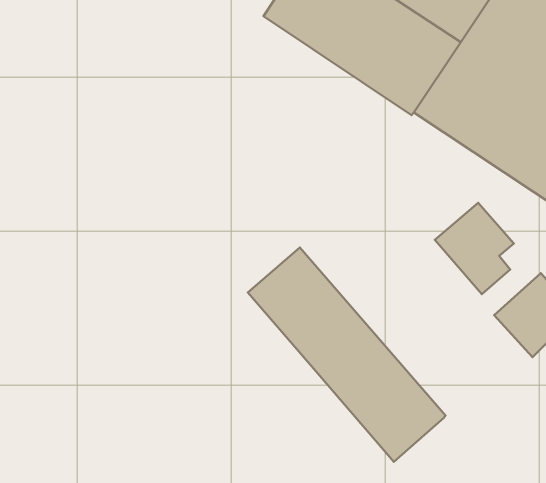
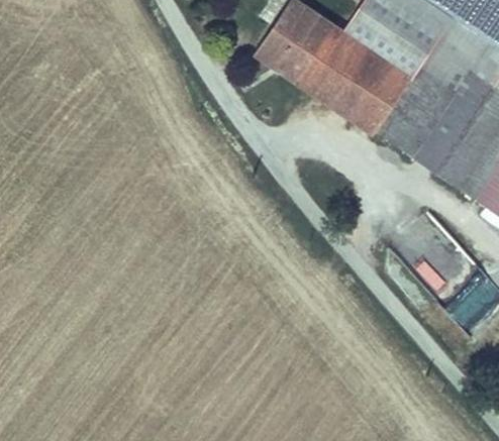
building: [248,248,445,462] -> none

